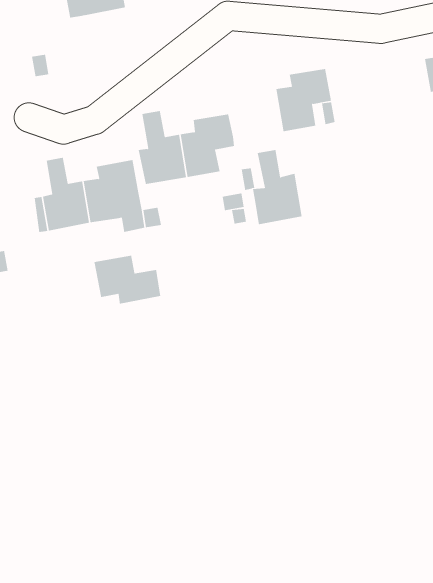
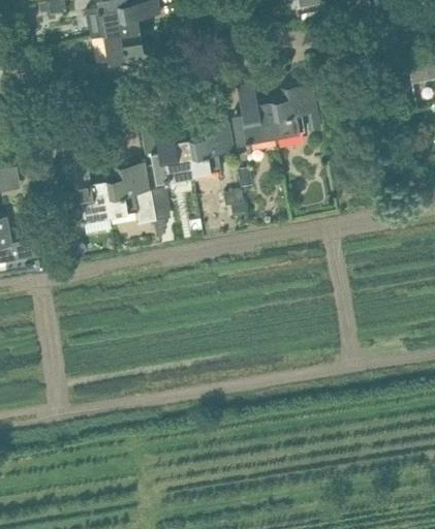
building: none -> [103,29,158,77]
building: [252,149,302,225] -> [231,79,275,144]
building: [94,255,161,305] -> none

